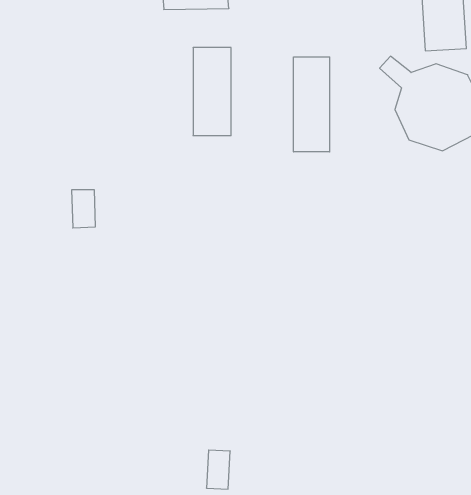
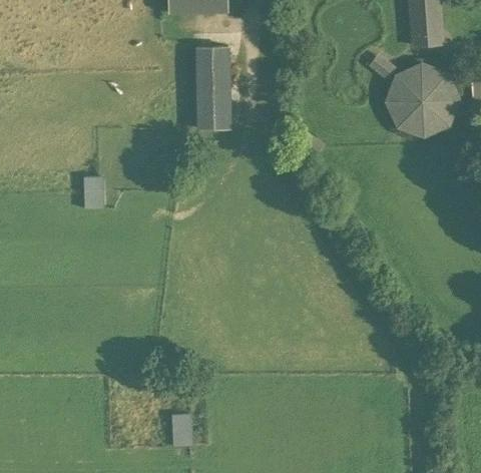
building: [294,57,330,152] -> none
building: [206,450,230,489] -> [171,414,193,450]

